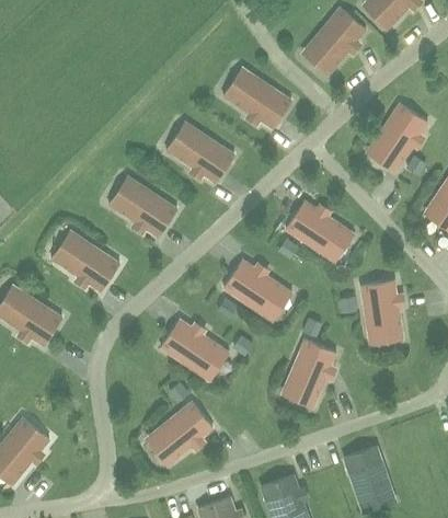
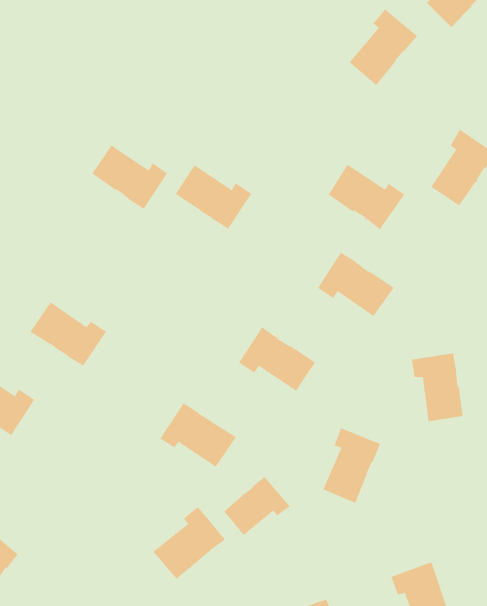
building: [229,77,290,129] -> [328,164,405,230]
building: [115,186,175,238] -> [92,144,168,209]
building: none -> [223,476,290,536]

